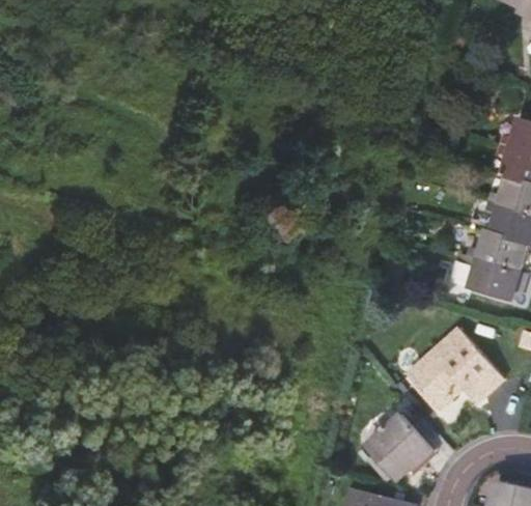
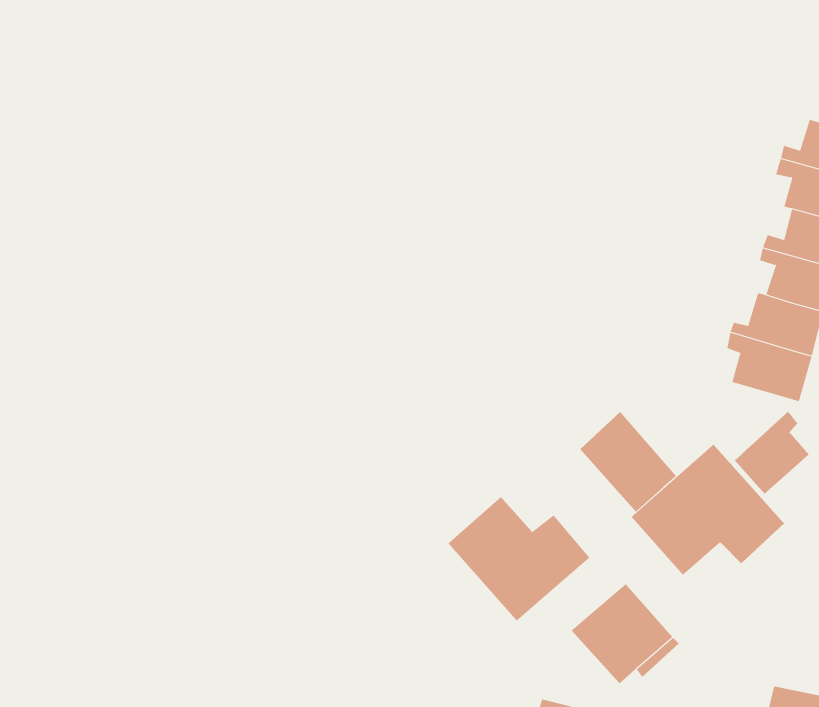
building: none -> [734,411,810,494]
building: none -> [579,411,677,513]
building: none -> [447,496,590,622]

